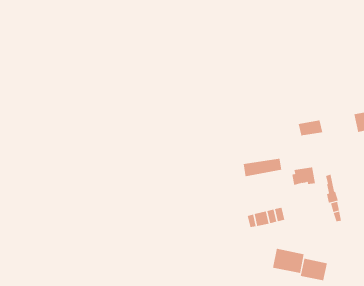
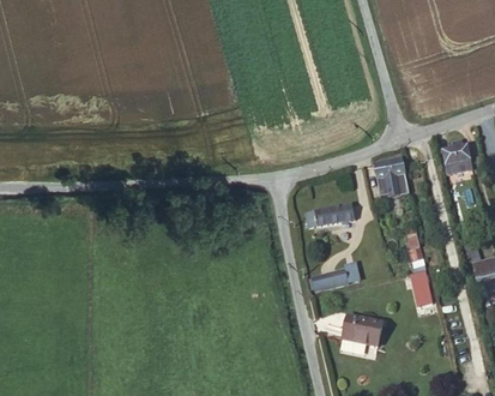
building: [291,167,316,185] -> [380,175,410,198]
building: [300,258,327,281] -> none

